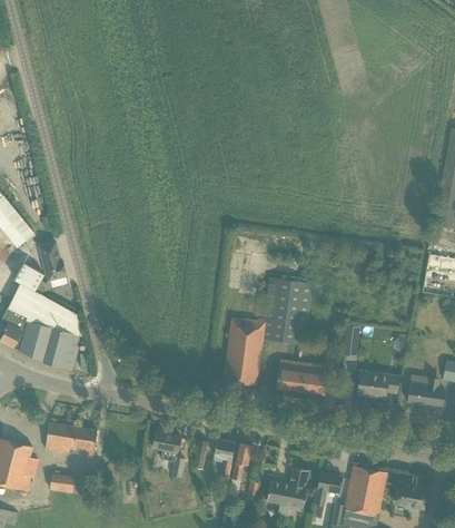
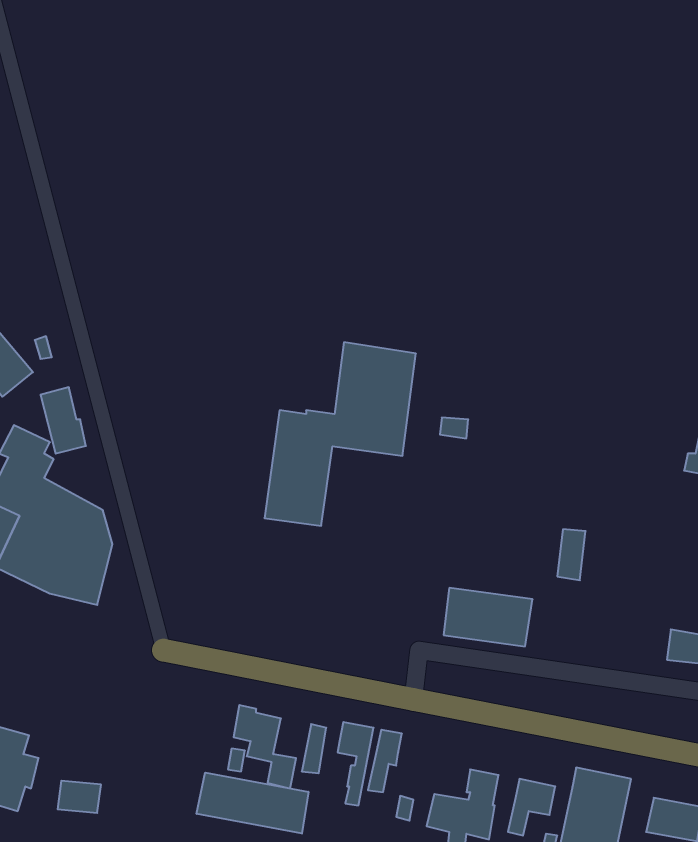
building: [222,277,311,385] -> [264,342,416,526]
building: [357,374,398,399] -> none
building: [44,422,97,458] -> none
building: none -> [197,773,308,834]

